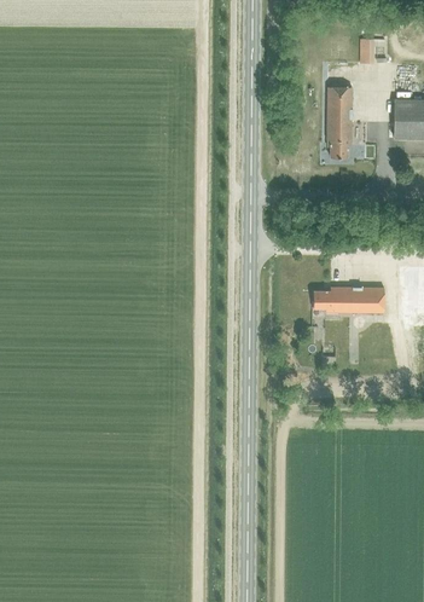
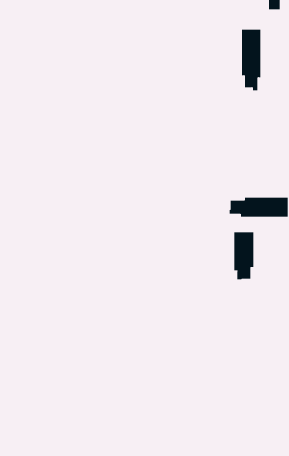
building: none -> [234,231,254,280]

